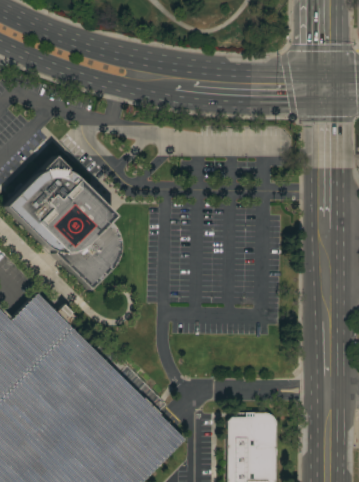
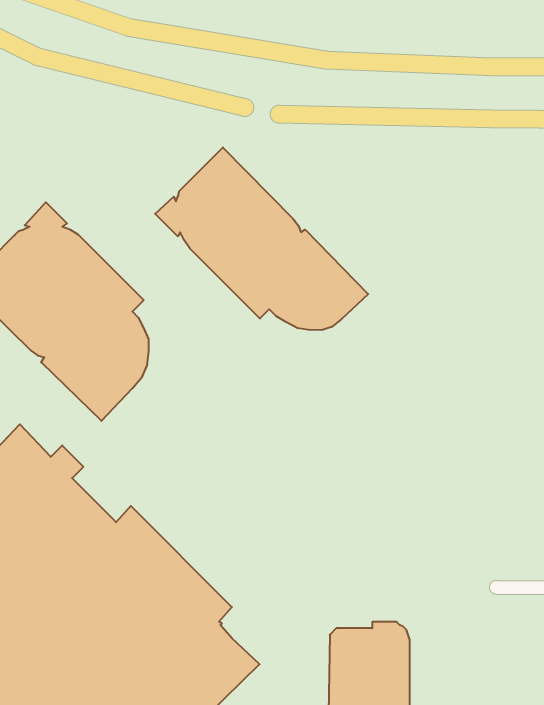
building: none -> [155,147,368,330]

